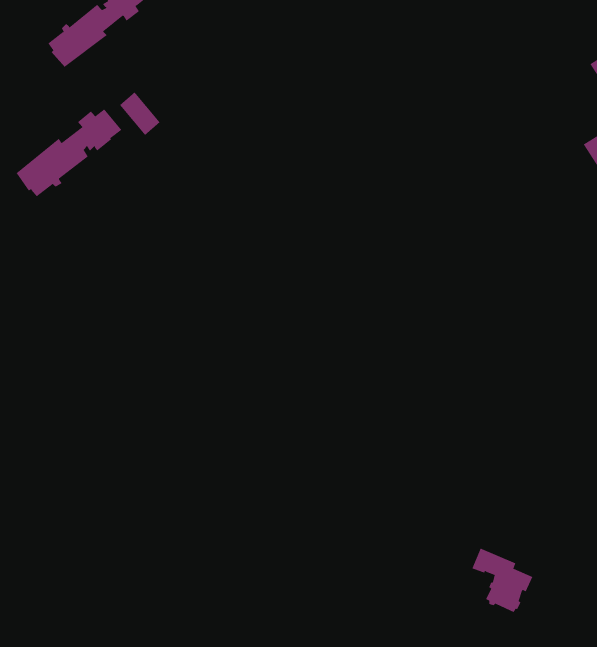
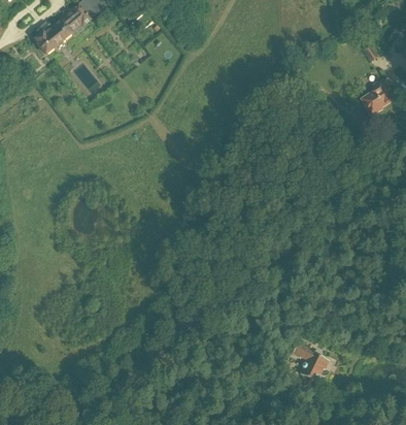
building: [16,109,122,197] -> none

